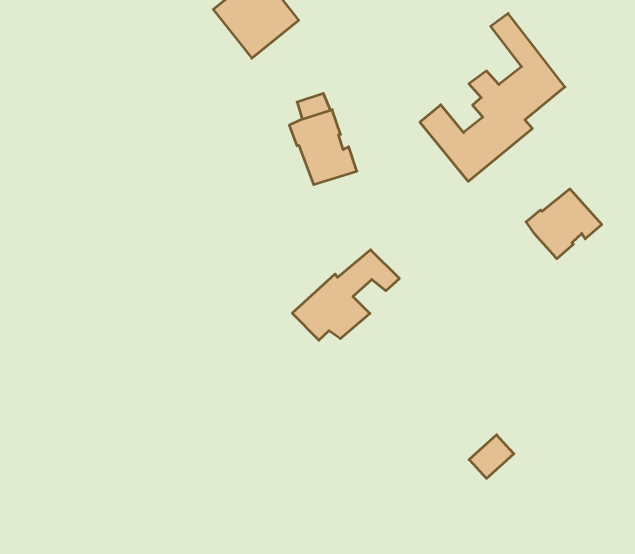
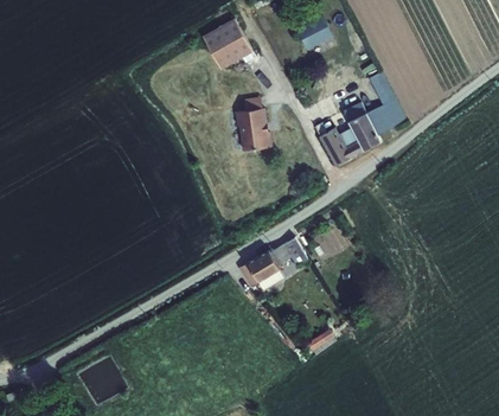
building: [526,189,602,259] -> none
building: [292,250,399,340] -> [237,239,305,289]

